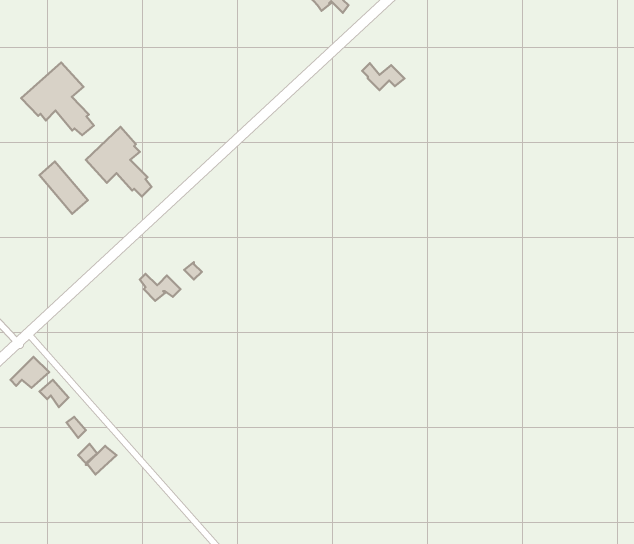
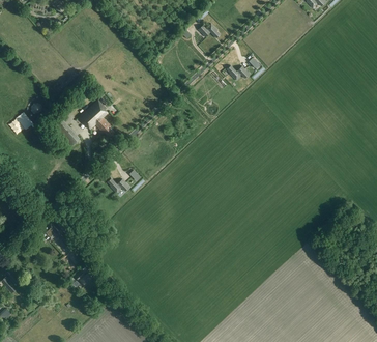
building: [21,62,94,135] -> none

